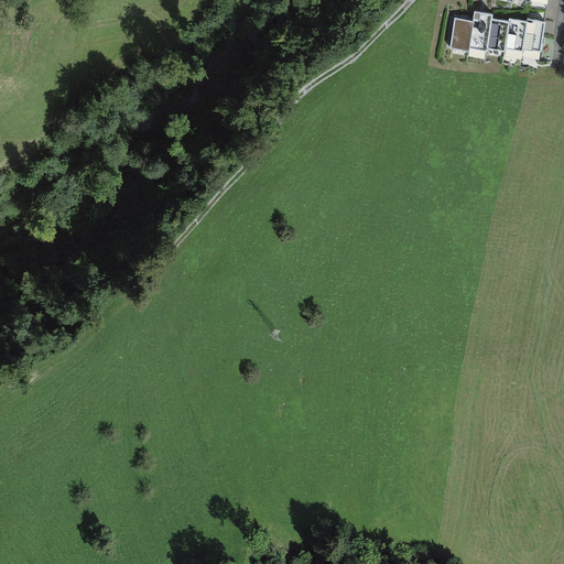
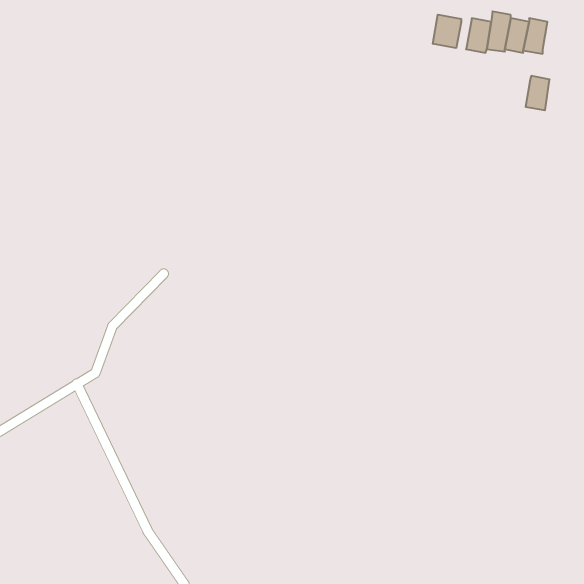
building: none -> [433,15,461,48]
building: [522,18,545,51] -> [526,76,550,110]

